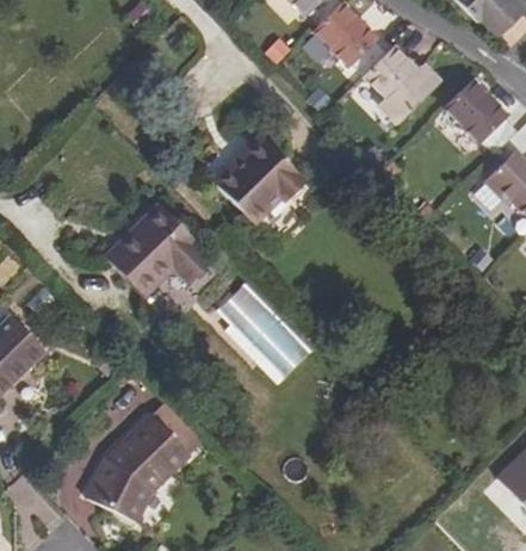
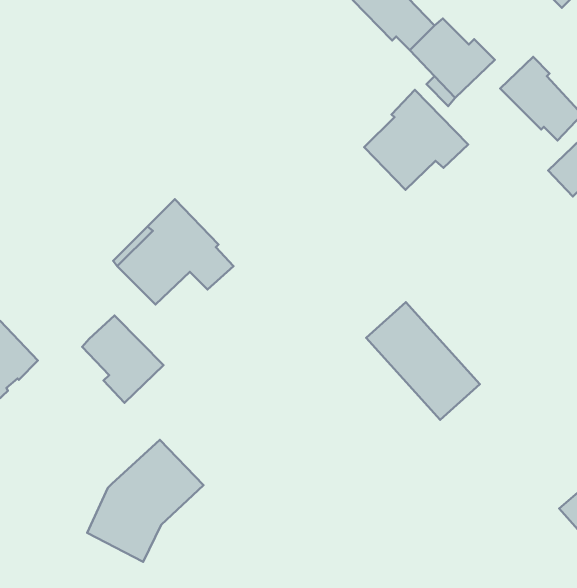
building: [212,140,303,227] -> [364,90,468,190]
building: [212,280,311,383] -> [366,302,480,420]
building: none -> [82,315,164,403]

